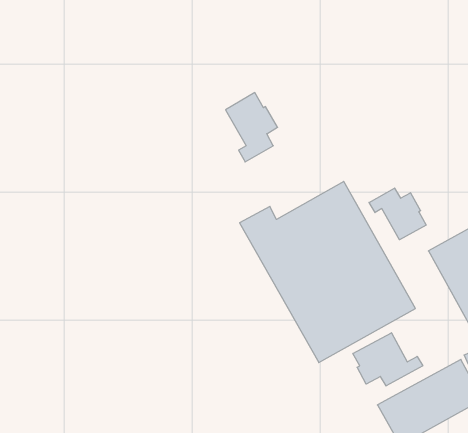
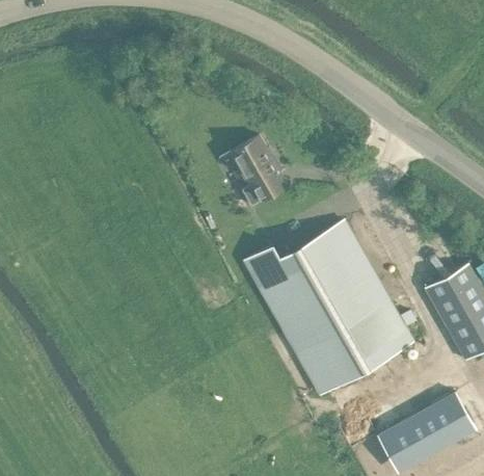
building: [369,188,426,240] -> none
building: [353,333,423,386] -> none

